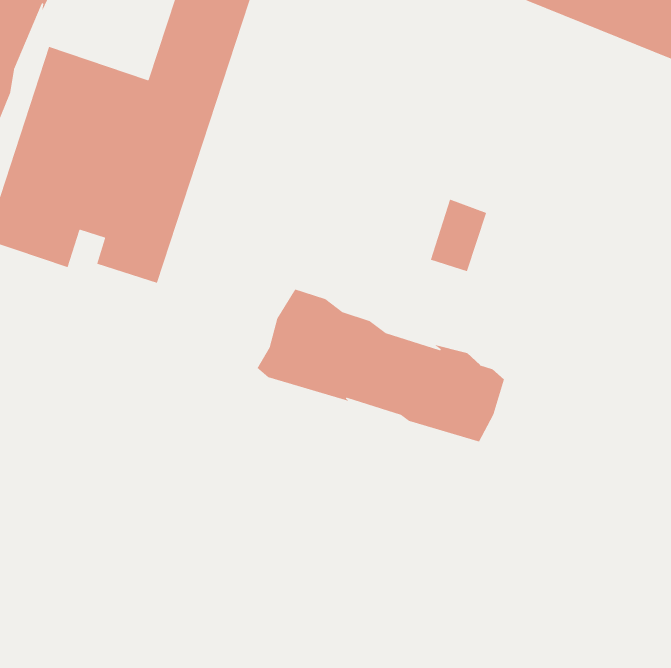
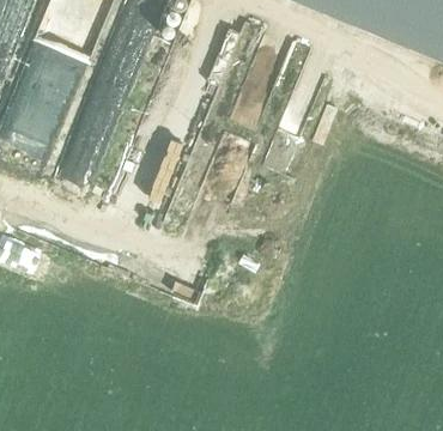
building: [256,288,505,442] -> none

